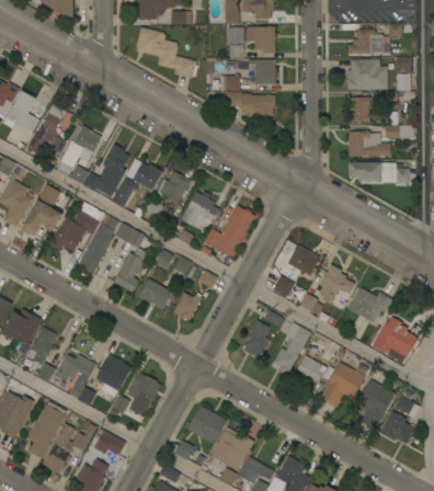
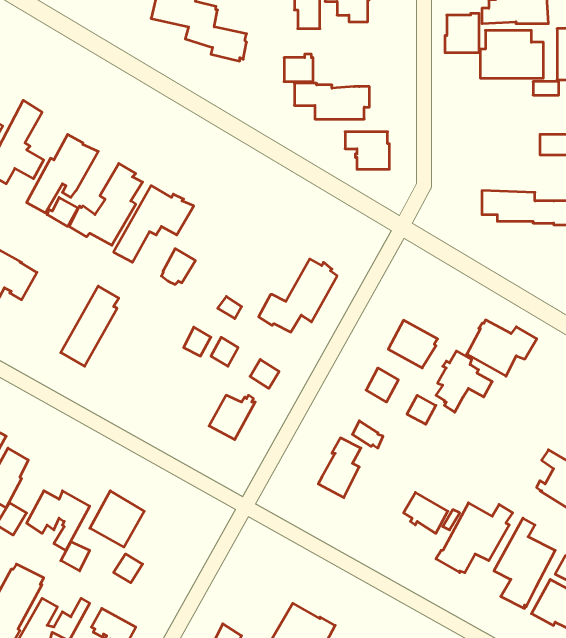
building: [247,59,275,83] -> [345,132,389,169]
building: [347,96,369,122] -> [445,13,479,53]
building: [347,130,390,156] -> none
building: [156,171,190,202] -> none
building: [180,192,218,228] -> none
building: [49,202,104,252] -> none
building: [113,222,146,292] -> none
building: [137,278,172,309] -> none
building: [347,287,392,323] -> [467,320,537,376]
building: [271,322,310,375] -> none
building: [127,373,160,406] -> none
building: [186,406,225,443] -> none

